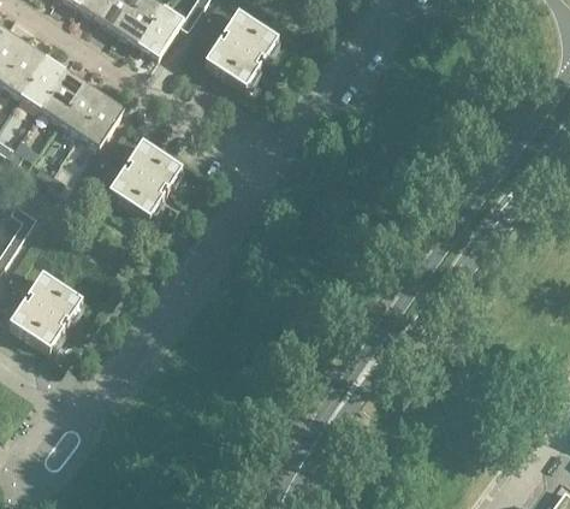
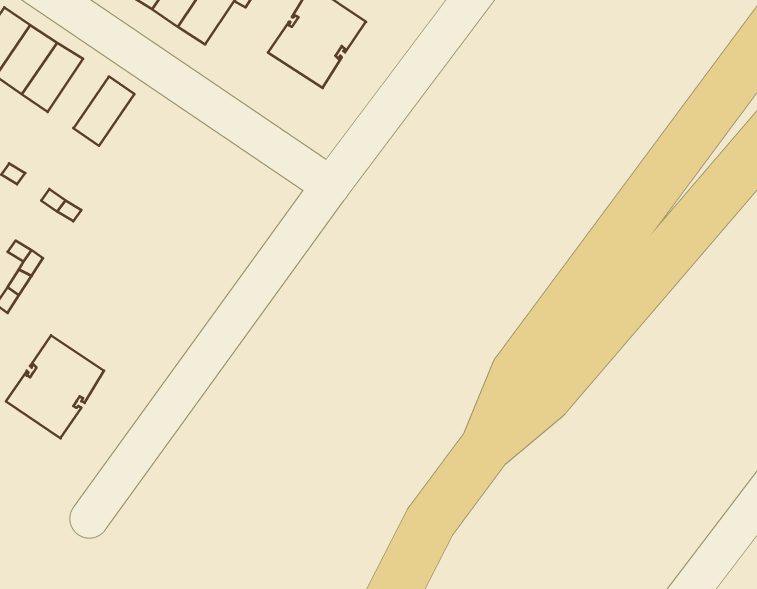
building: [38,66,84,118] -> none
building: [77,93,124,144] -> none
building: [107,141,180,218] -> none

